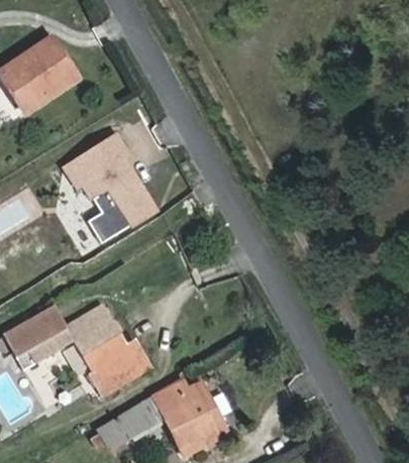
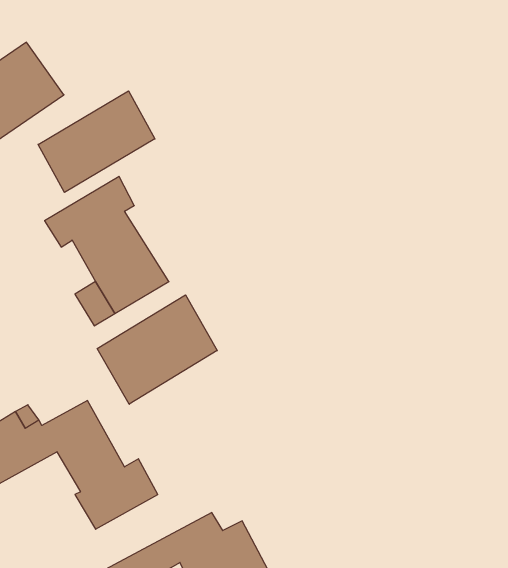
building: none -> [38,91,155,192]
building: none -> [97,295,217,404]

